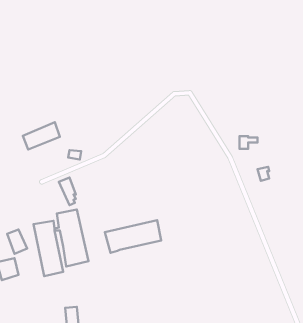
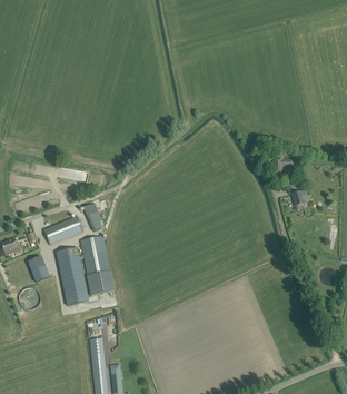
building: [23,122,60,150] -> [44,215,83,244]
building: [105,220,161,253] -> none

